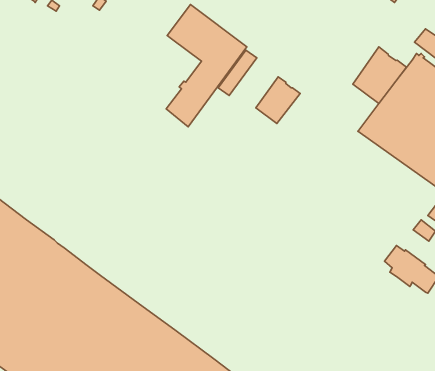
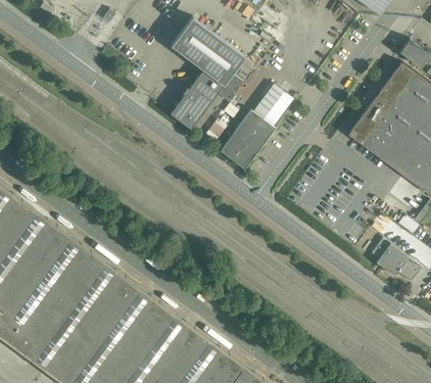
building: [353,47,407,103] -> none
building: none -> [220,110,274,170]

